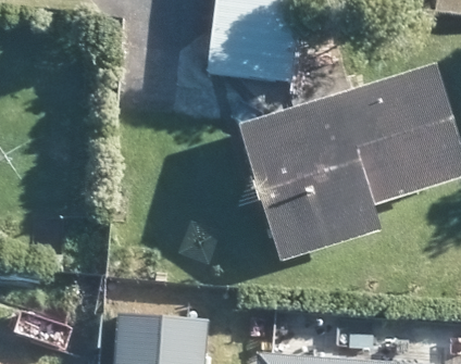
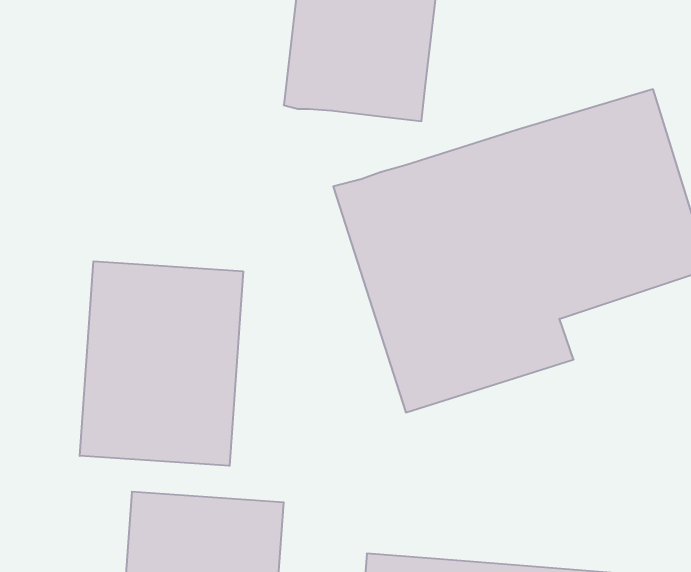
building: none -> [80,261,243,466]

